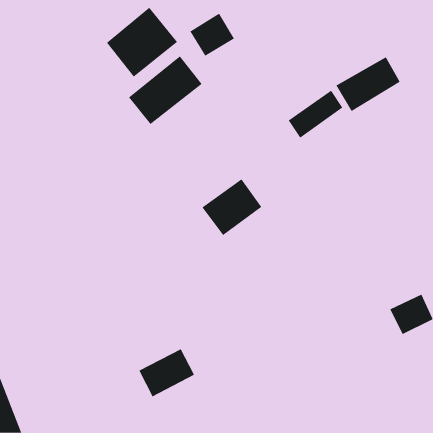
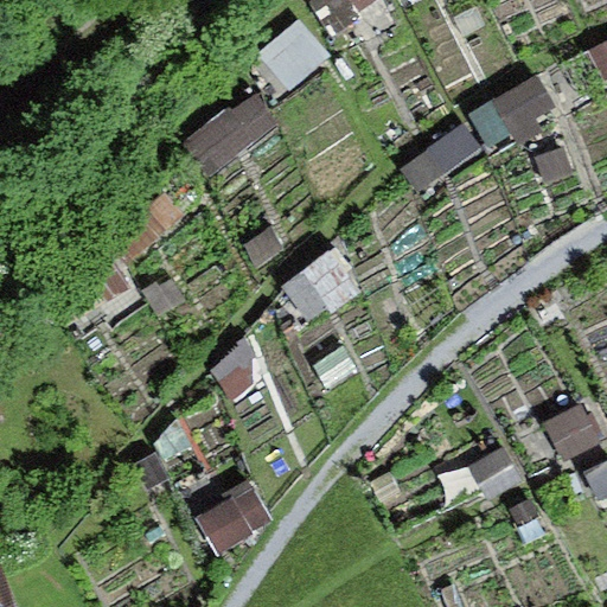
building: [106,7,178,77] -> none

